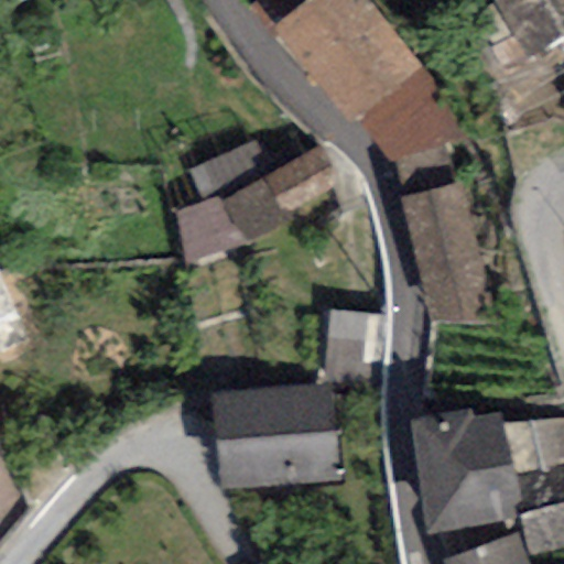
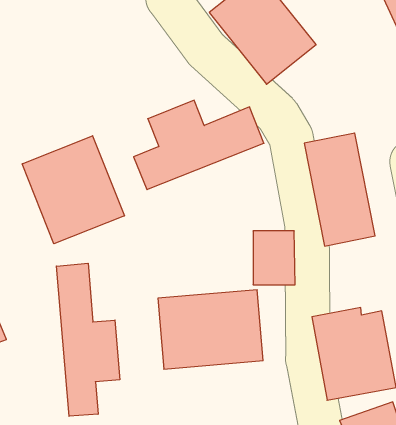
building: none -> [22,136,124,244]
building: none -> [56,263,120,416]

